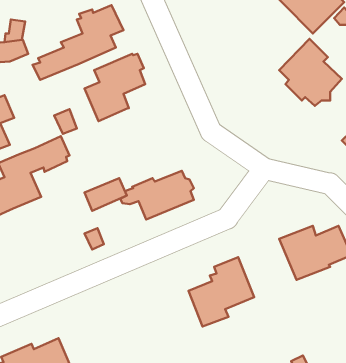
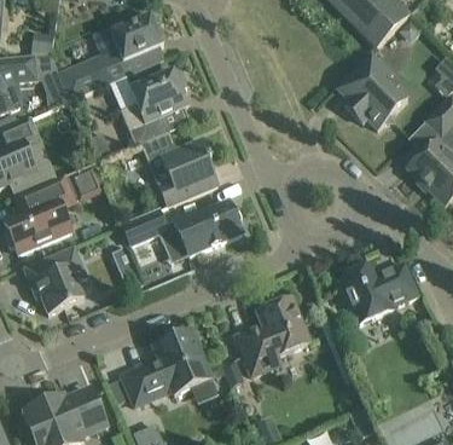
building: none -> [140,131,216,204]
building: none -> [29,245,86,313]
building: none -> [120,329,210,405]

